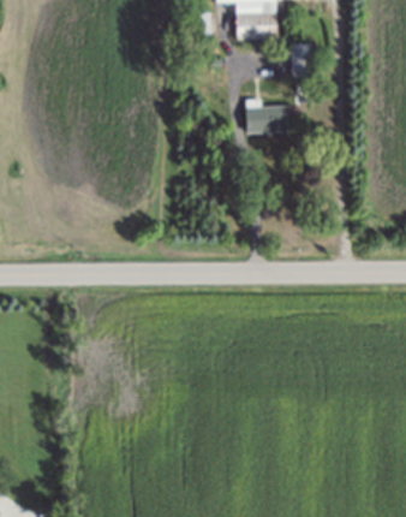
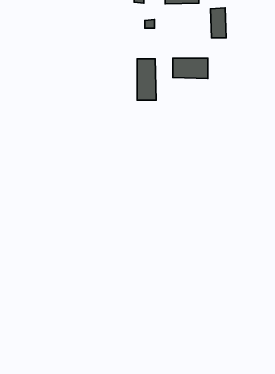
building: none -> [137,59,156,100]

